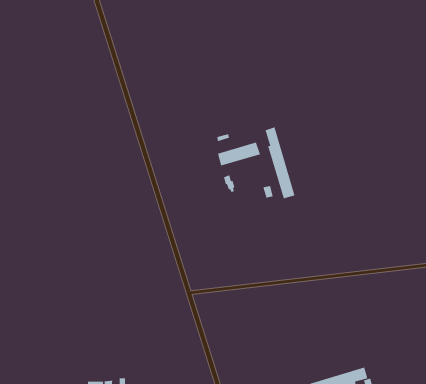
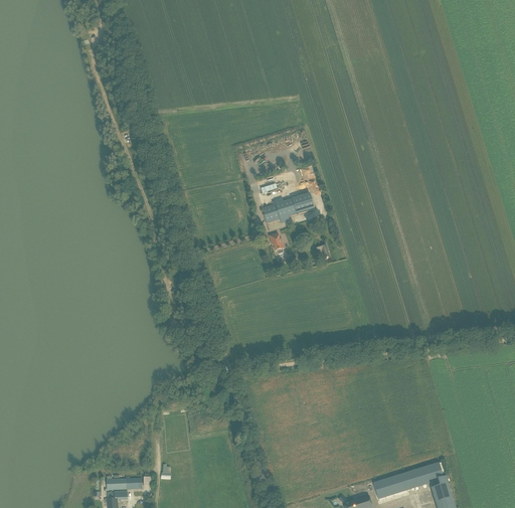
building: [265,127,295,199] -> none

